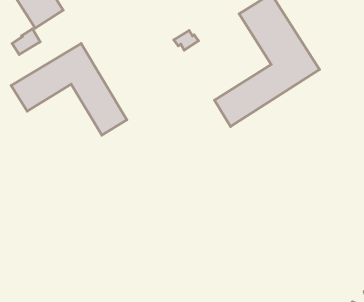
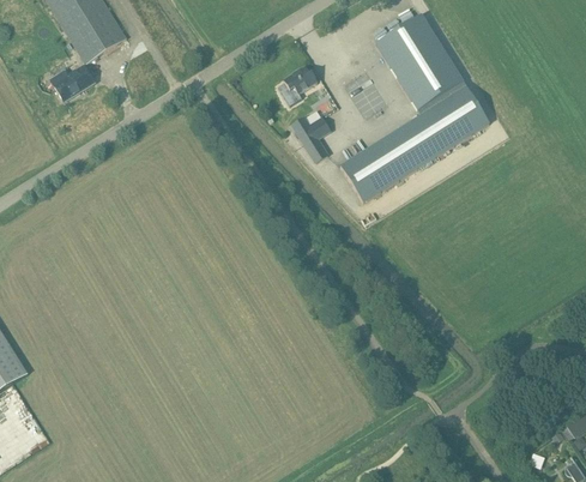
building: [11,44,127,135] -> none
building: none -> [292,116,331,146]

